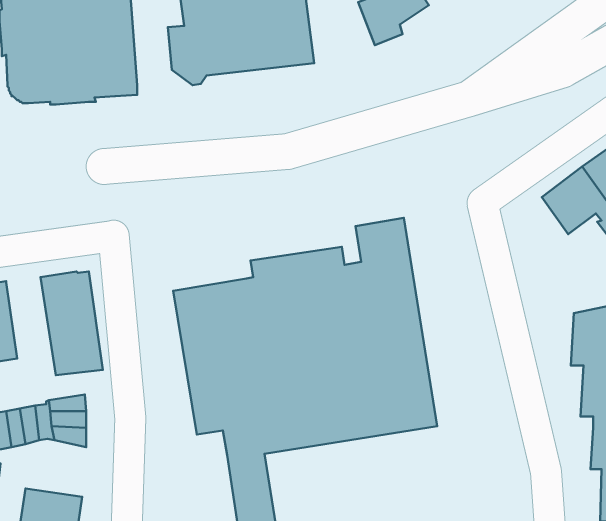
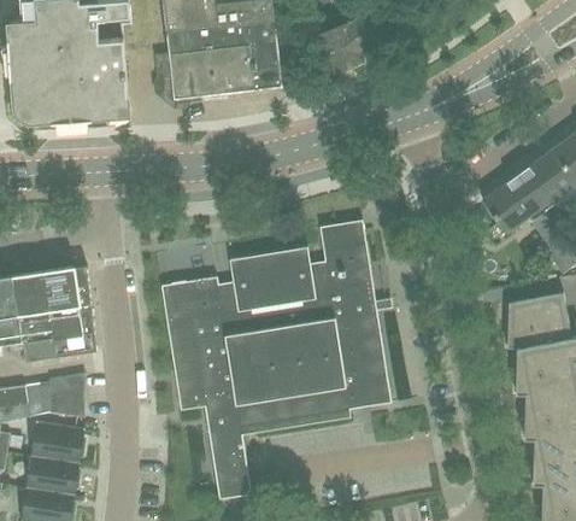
building: none -> [14,273,58,363]
building: none -> [31,425,86,464]

